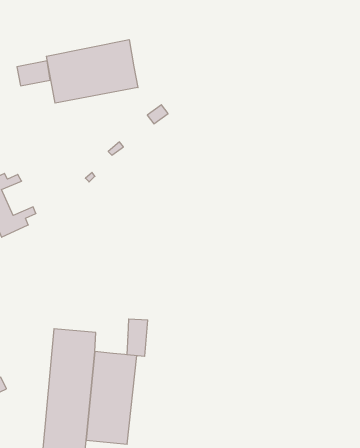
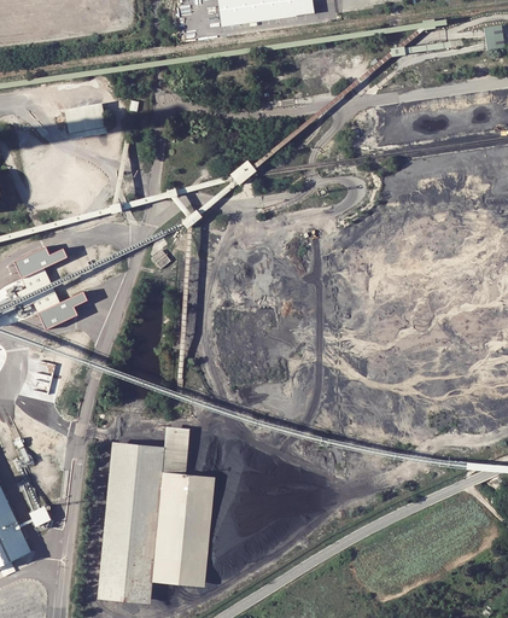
building: [46,40,138,103] -> none
building: [127,319,148,356] -> [163,426,189,473]

